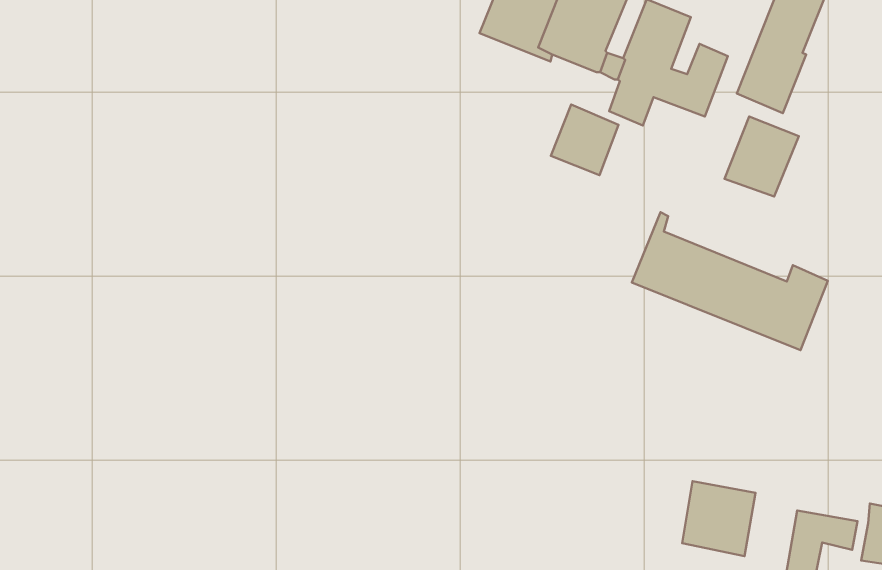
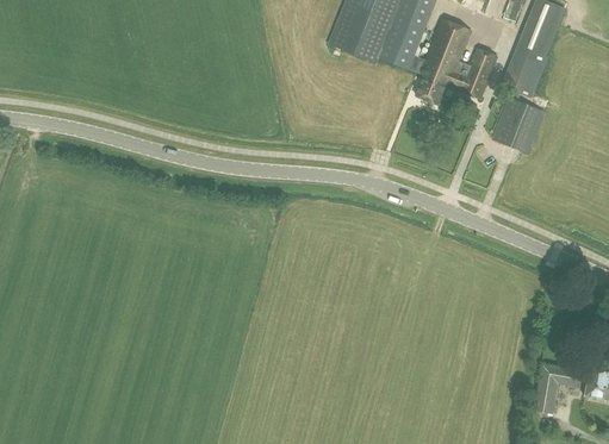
building: [551,105,619,175] -> none
building: [632,212,828,350] -> none
building: [682,481,756,556] -> none

